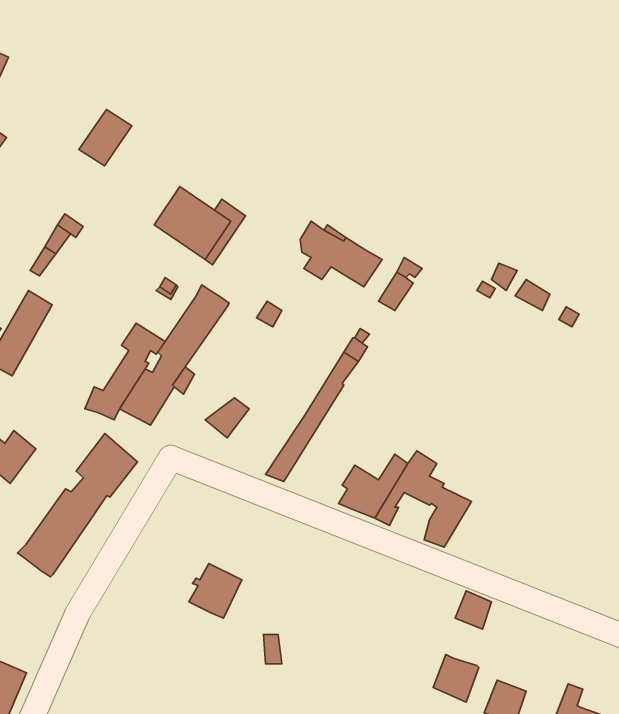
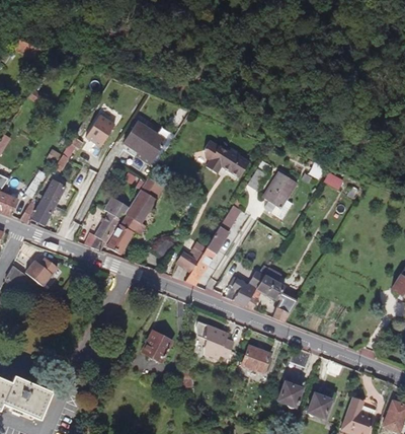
building: [79,110,132,166] -> [86,114,115,145]
building: none -> [262,171,297,218]
building: none -> [175,242,207,272]
building: [18,434,137,577] -> none
building: none -> [195,320,234,359]
building: none -> [241,346,270,373]

